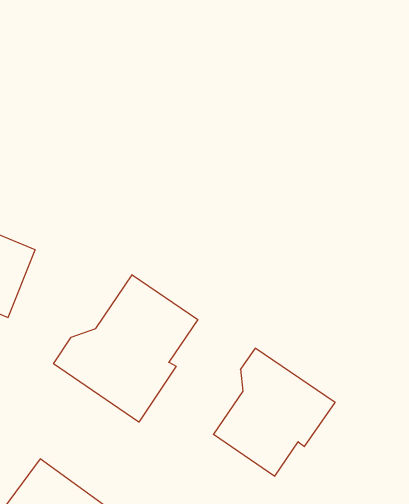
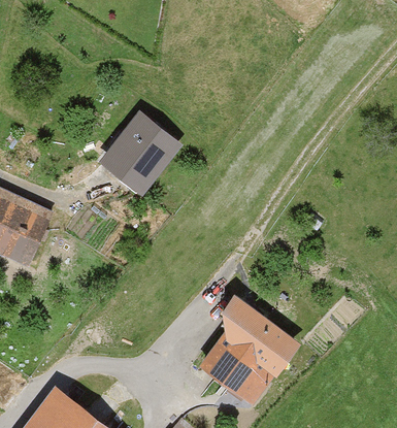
building: none -> [100,111,180,194]
building: [54,275,198,422] -> none

